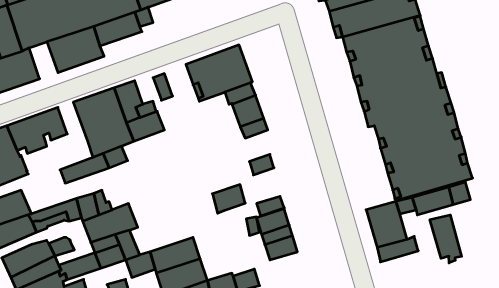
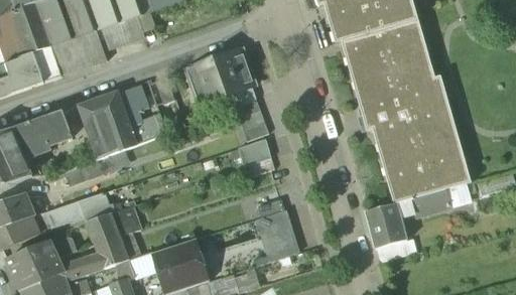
building: none -> [33,45,61,82]
building: [212,185,245,213] -> [238,138,270,166]
building: [430,215,462,263] -> none

